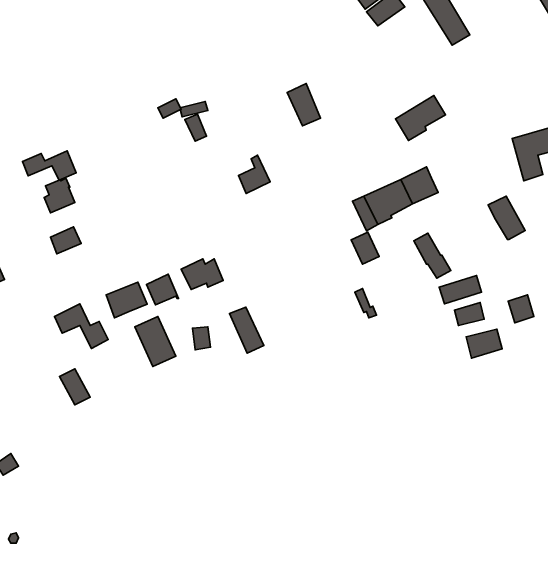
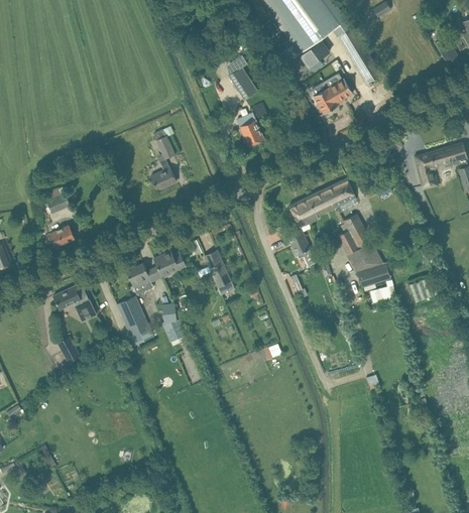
building: none -> [228,66,257,99]
building: [396,96,445,140] -> [314,79,353,114]
building: [23,151,76,180] -> none
building: [238,155,270,193] -> [151,161,177,191]
building: [488,196,525,240] -> [343,214,372,248]
building: [106,282,147,318] -> none
building: [229,307,264,353] -> [204,251,231,287]
building: [466,329,502,358] -> none

